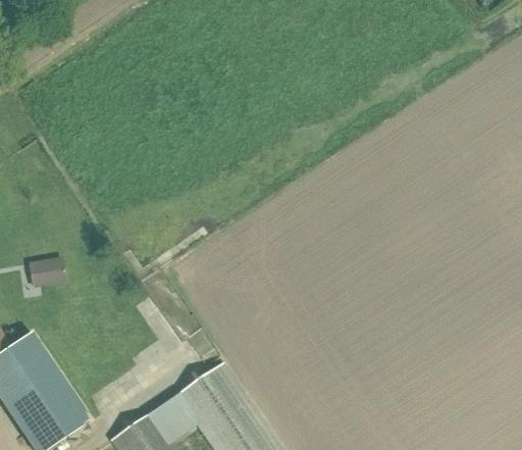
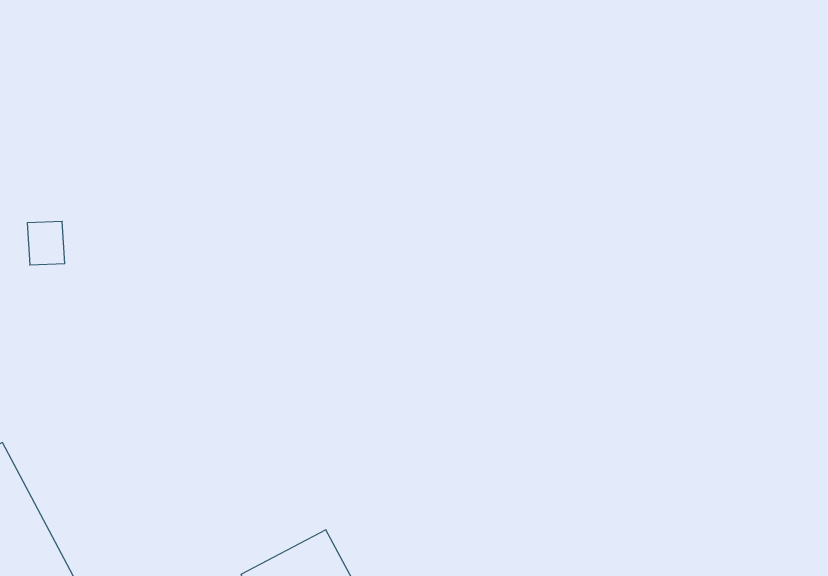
building: [41,256,65,284] -> [27,221,65,265]

